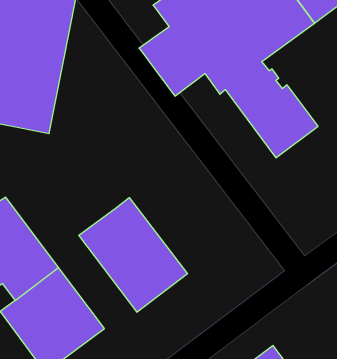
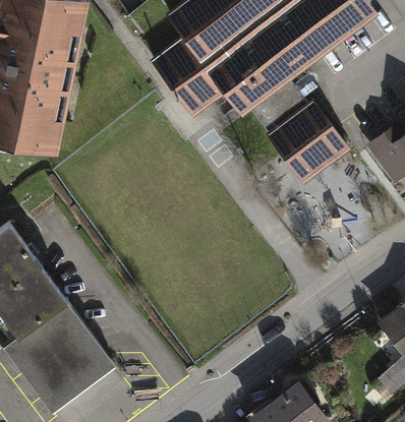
building: [79,198,187,312] -> none

